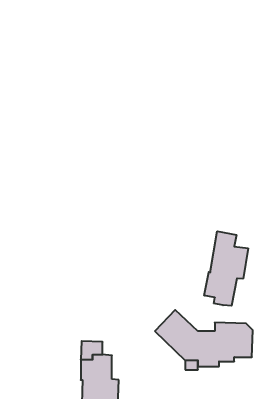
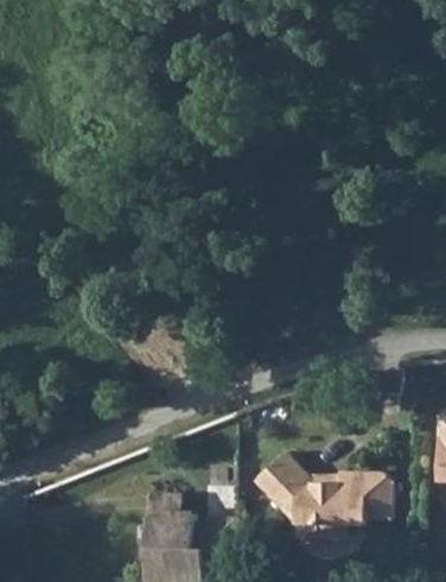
building: [204,231,248,306] -> none

